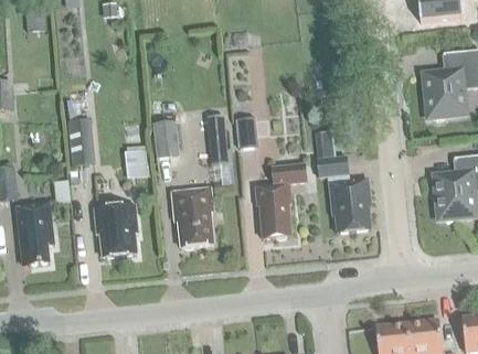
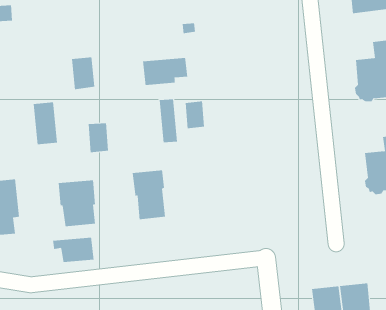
building: none -> [143,57,188,86]
building: [152,120,179,157] -> [71,57,95,90]
building: [317,154,371,233] -> none
building: [254,162,306,240] -> none
building: none -> [53,237,94,263]

